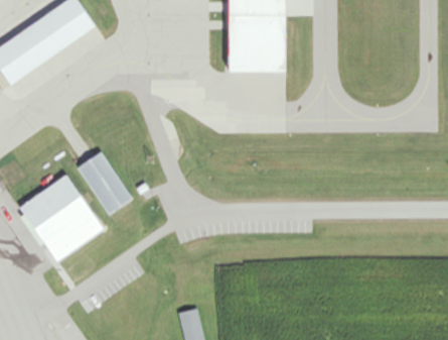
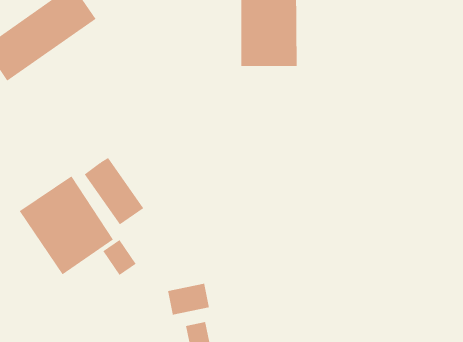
building: none -> [102,239,136,276]
building: none -> [167,283,209,315]

